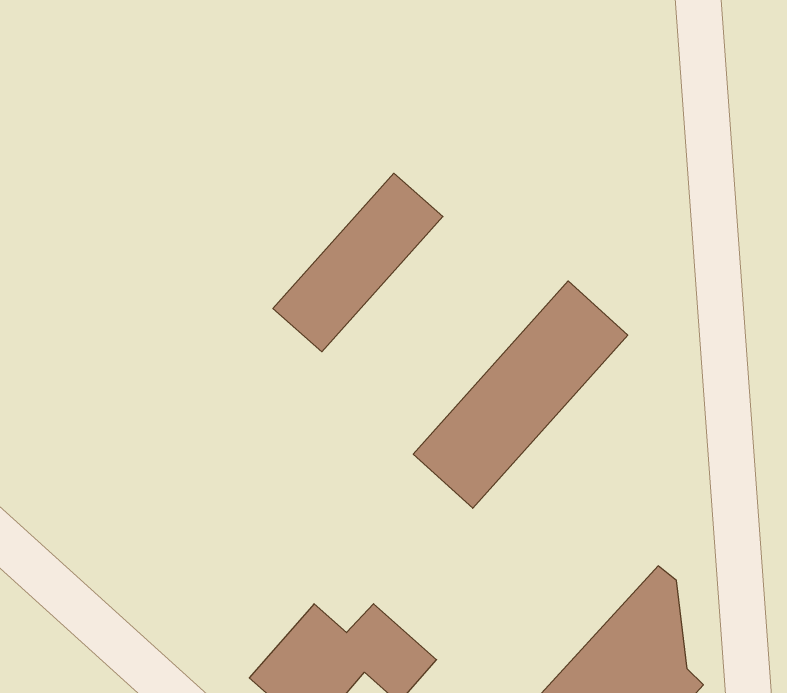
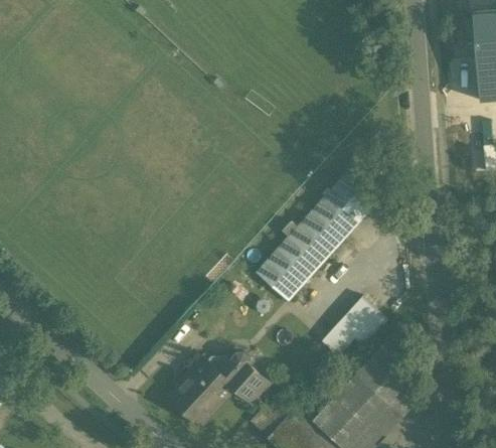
building: [273,173,443,352] -> none
building: none -> [320,299,384,356]

